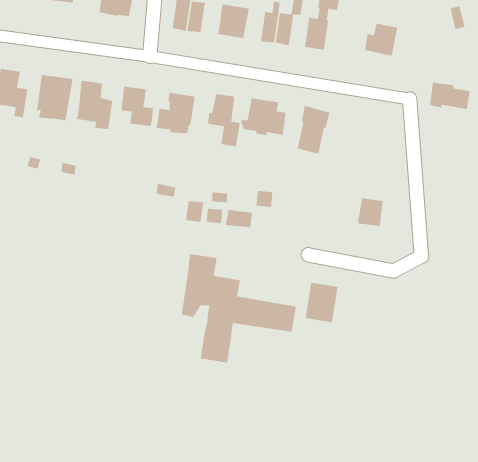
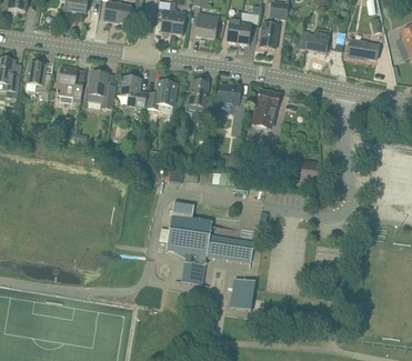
building: [429,82,470,110] -> [348,38,379,59]
building: [305,282,338,323] -> [230,278,255,309]

